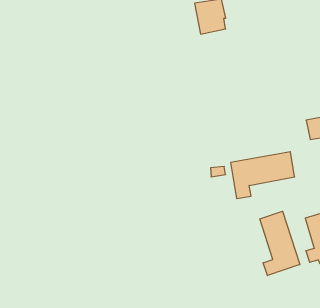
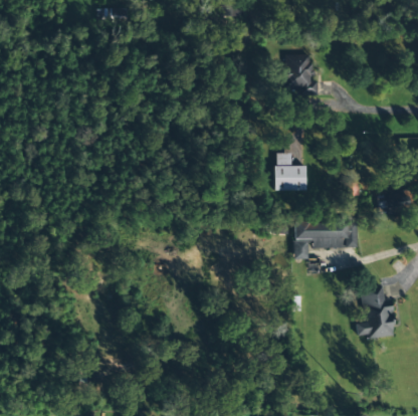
building: none -> [276,154,306,191]
building: [260,211,300,276] -> none

